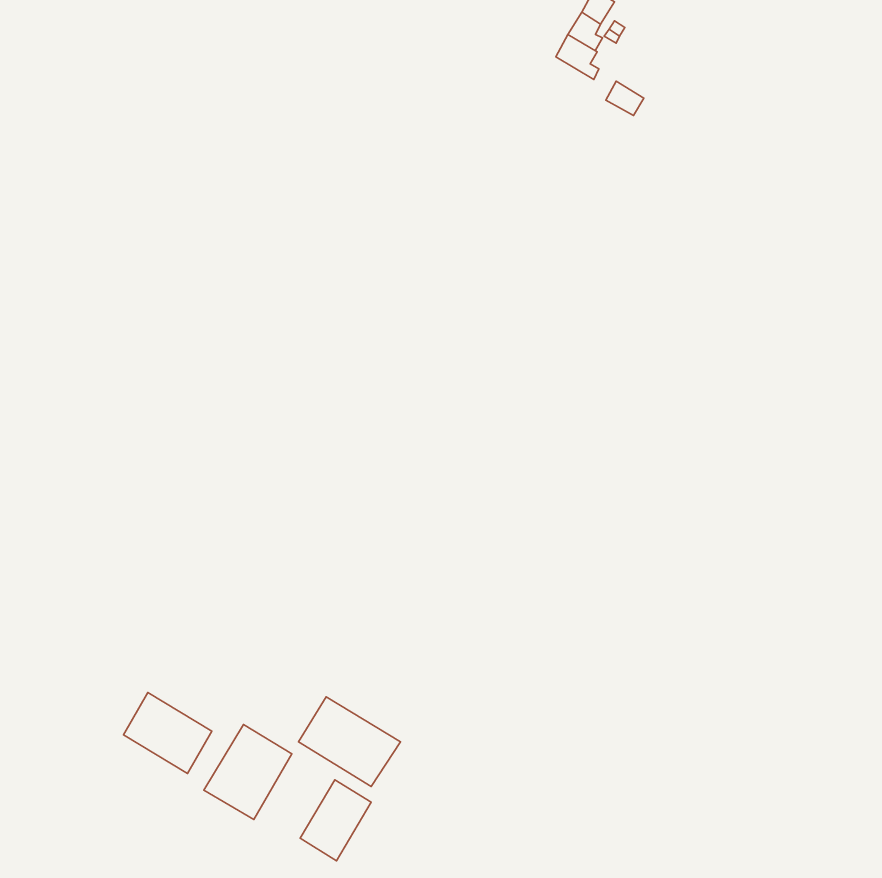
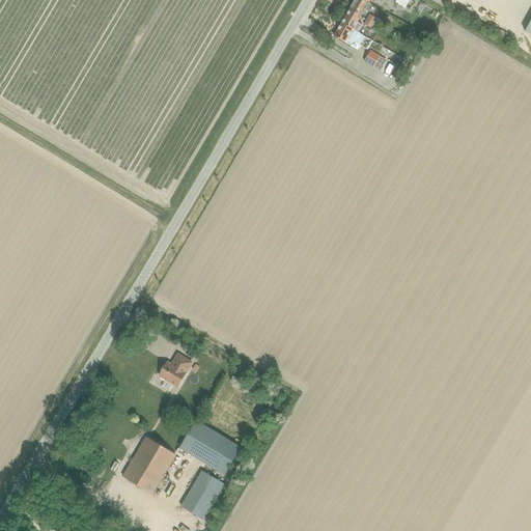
building: none -> [159,353,191,385]
building: [123,693,212,774] -> none

